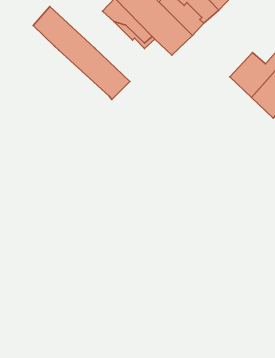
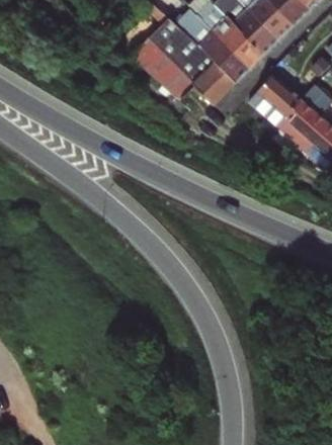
building: [33,6,130,100] -> none
building: none -> [247,73,301,124]

